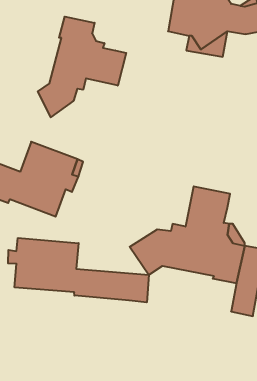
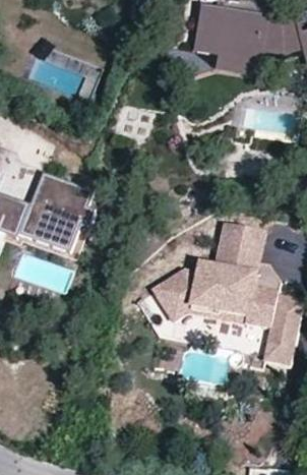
building: [38,17,126,117] -> none
building: [8,238,149,302] -> none

